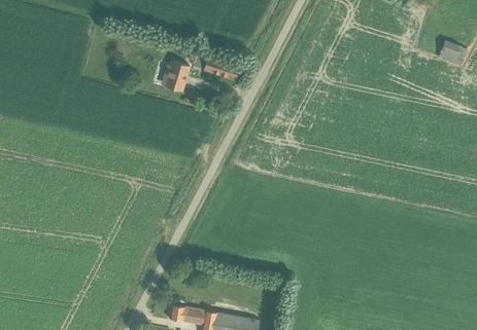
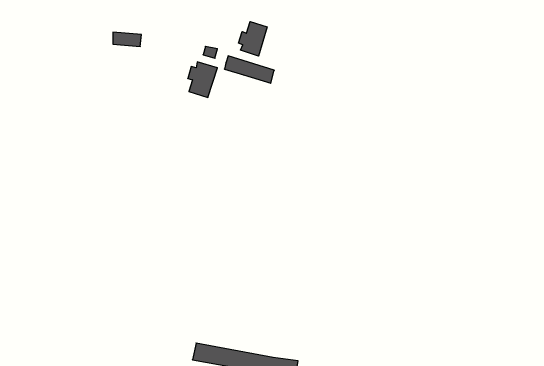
building: none -> [239,22,267,56]
building: [438,40,467,65] -> none

